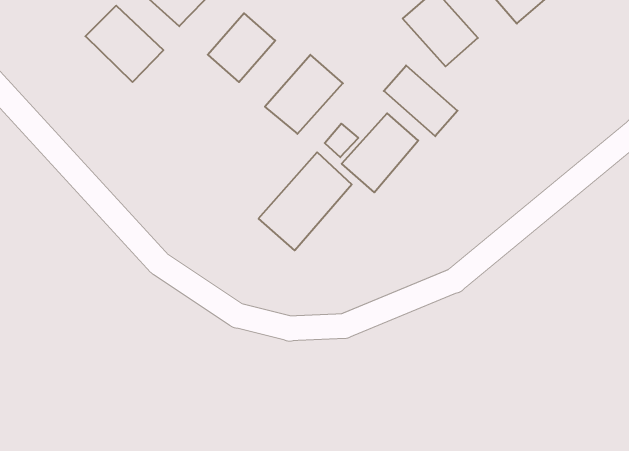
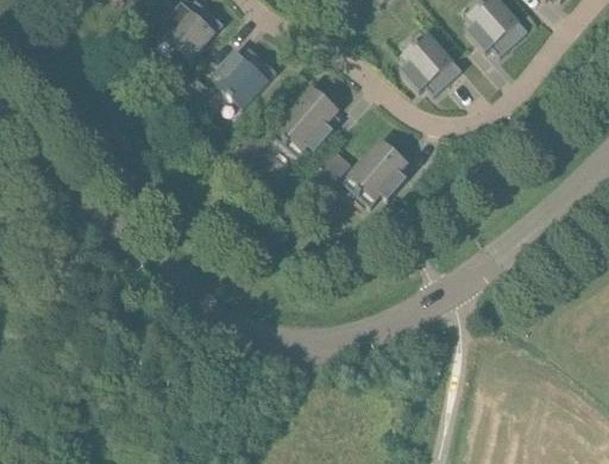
building: [85,6,163,82] -> none
building: [384,65,458,136] -> none
building: [259,152,352,250] -> none

